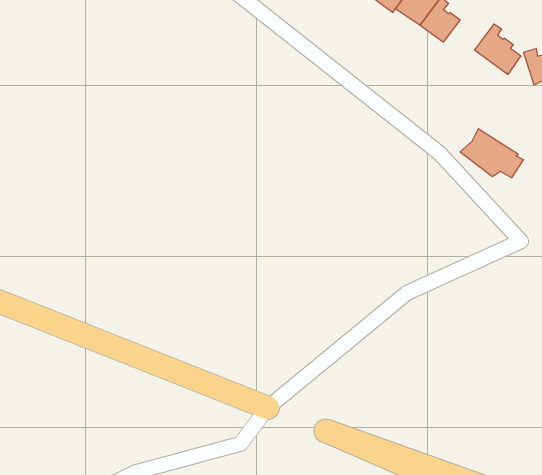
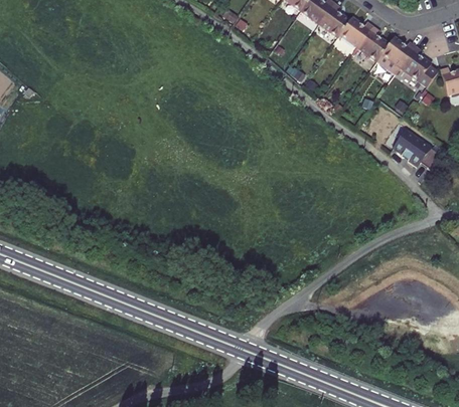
building: none -> [377,38,417,76]

